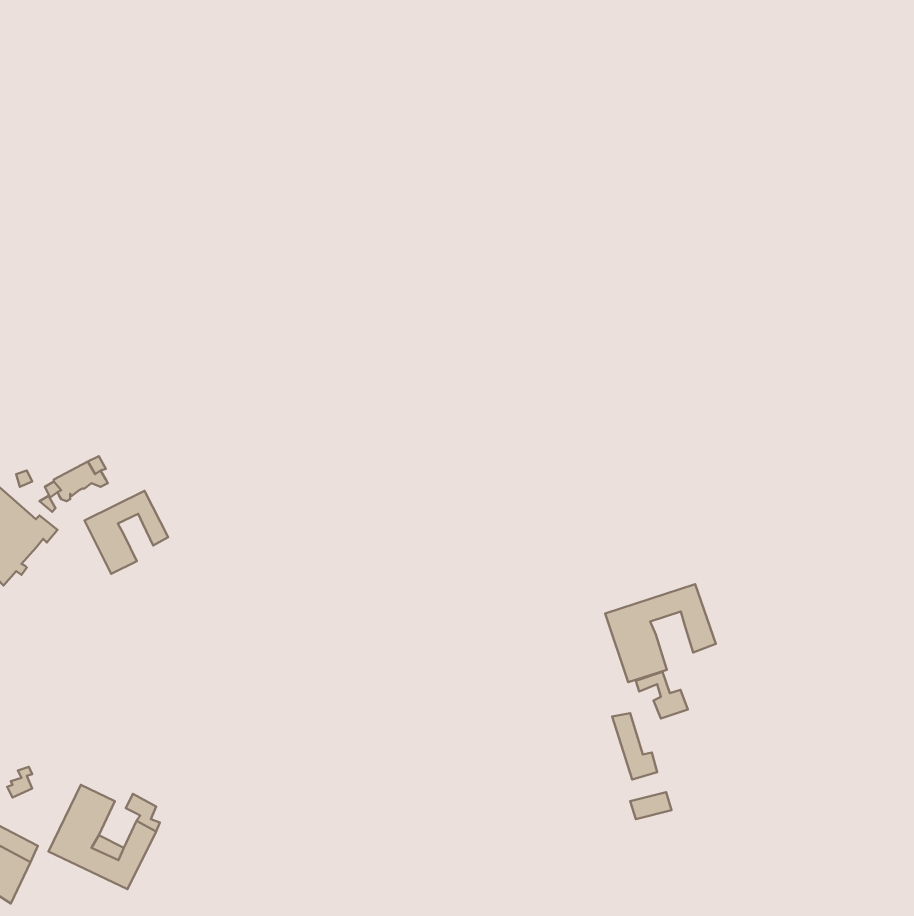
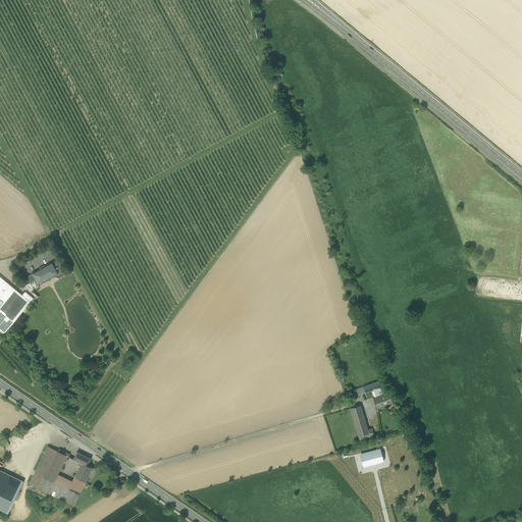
building: [84,491,168,574] -> none
building: [605,584,716,682] -> none

